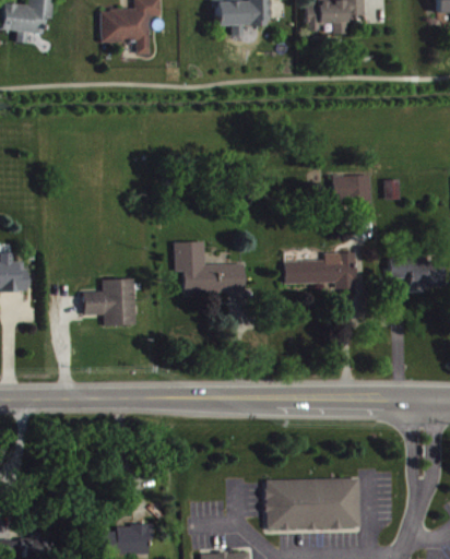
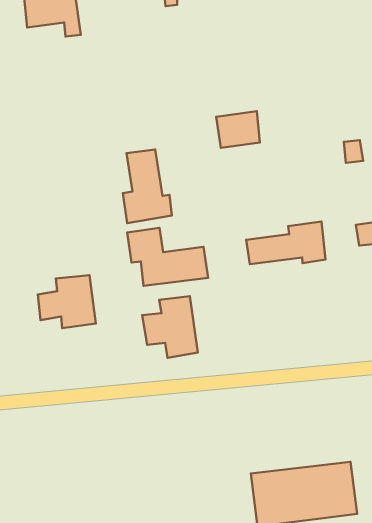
building: none -> [123,149,172,223]
building: [333,174,371,204] -> [216,111,260,148]
building: none -> [142,296,198,358]

